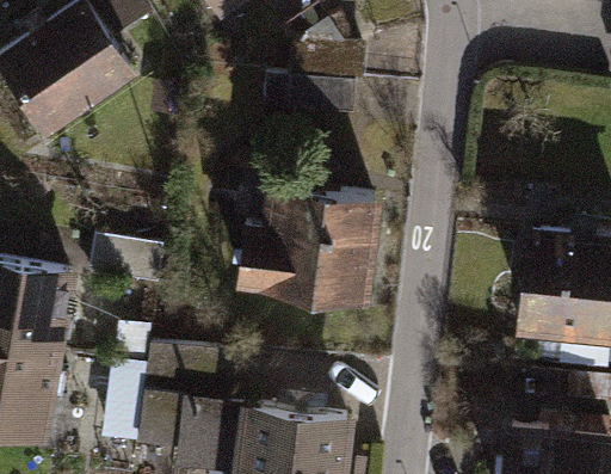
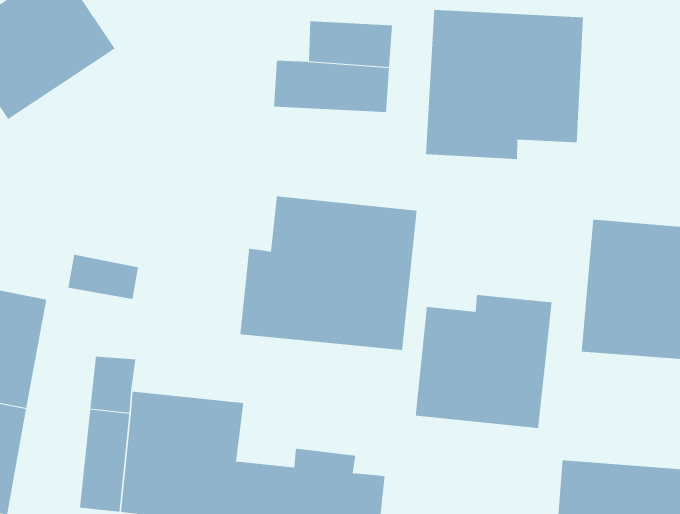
building: none -> [425,9,584,160]
building: none -> [415,294,552,429]

